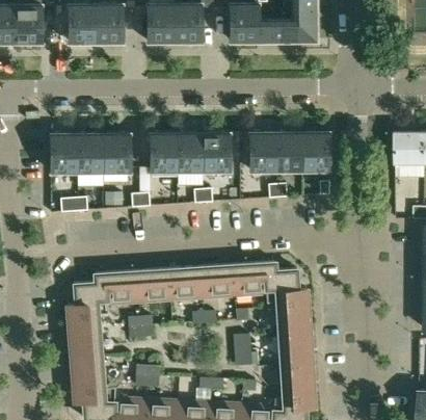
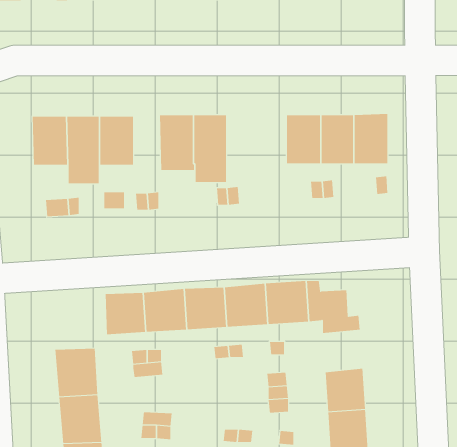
building: [202,132,229,170] -> none
building: [65,272,107,316] -> none
building: [276,300,309,334] -> none

